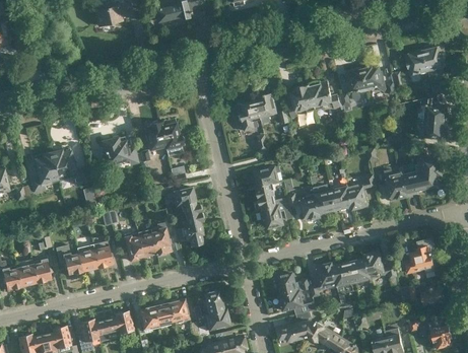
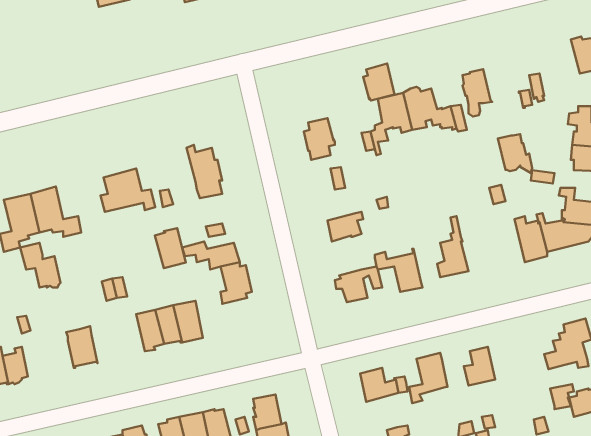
building: [406,48,427,81] -> none
building: [361,65,385,91] -> [498,134,532,173]
building: [255,92,276,118] -> [363,63,394,101]
building: [143,122,164,149] -> [155,228,186,268]
building: [346,174,375,209] -> none
building: [254,182,288,209] -> none
building: [312,186,335,213] -> none
building: [175,224,202,246] -> none
building: [92,240,112,269] -> none
building: [54,244,81,275] -> [20,243,60,287]
building: [363,251,396,280] -> none
building: [333,261,354,303] -> none
building: [279,291,315,312] -> none

